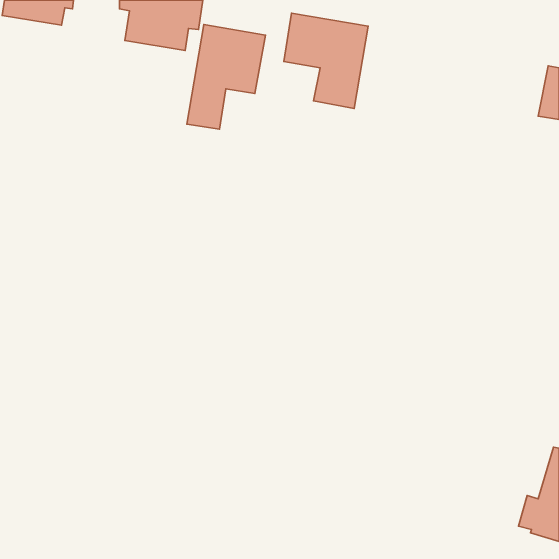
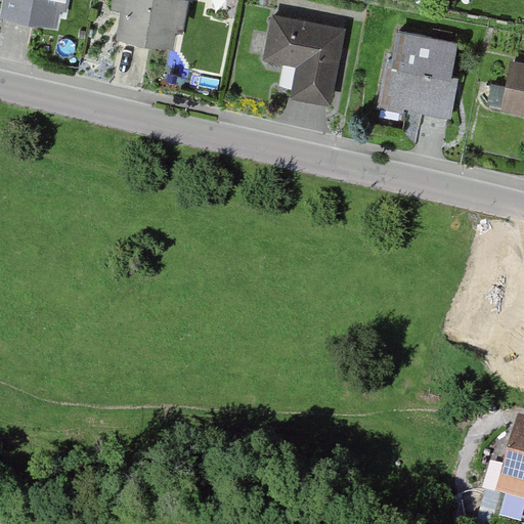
building: [187,24,265,129] -> none
building: none -> [380,32,460,118]

